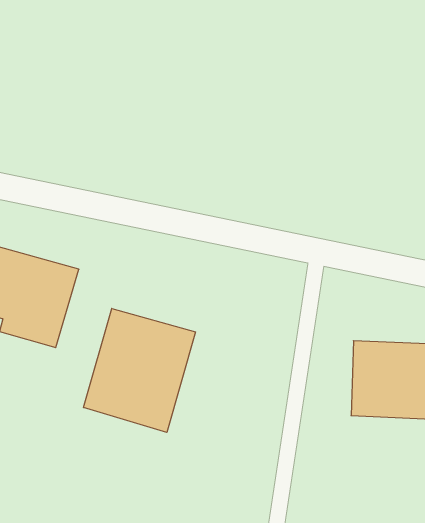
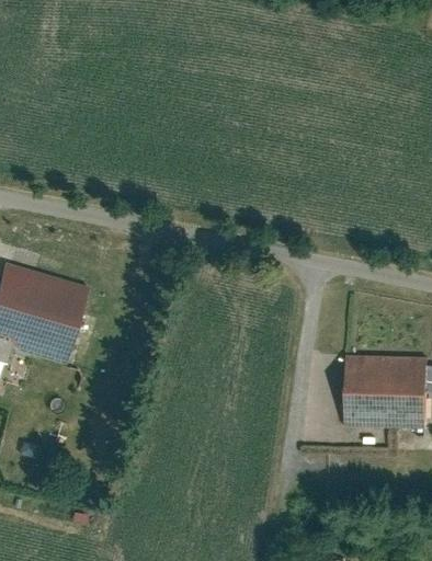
building: [84,308,196,432] -> none

